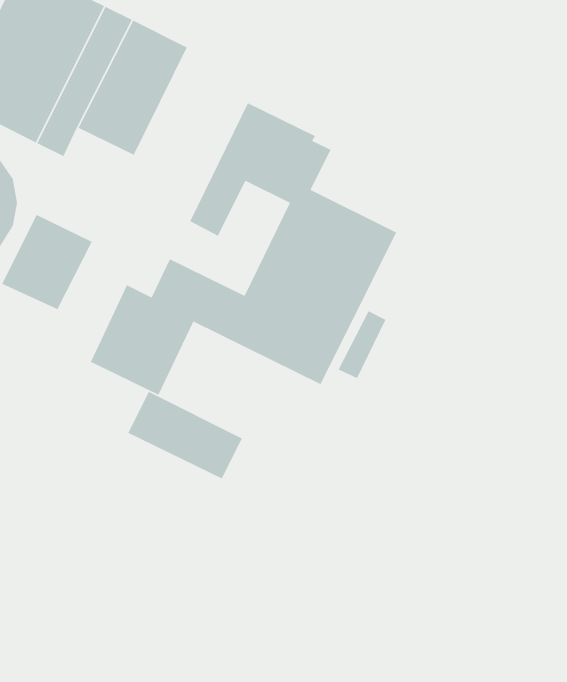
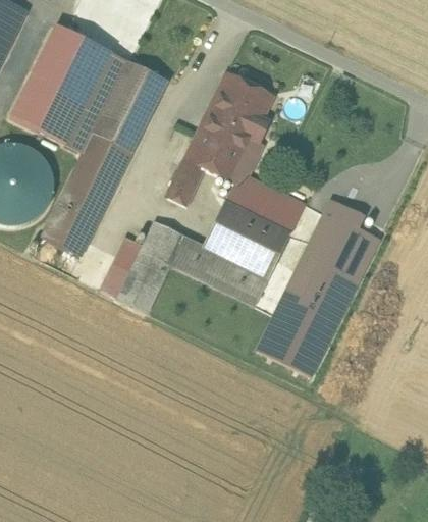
building: none -> [206,73,272,139]
building: none -> [65,134,130,209]
building: none -> [265,196,380,377]
building: [127,391,243,480] -> none

